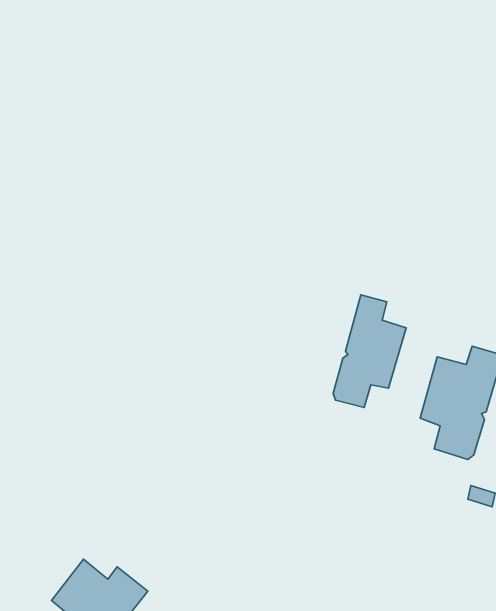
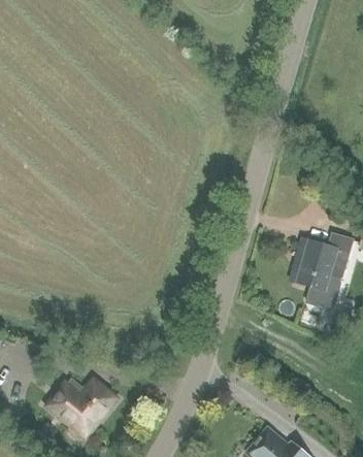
building: [333,295,406,407] -> none

